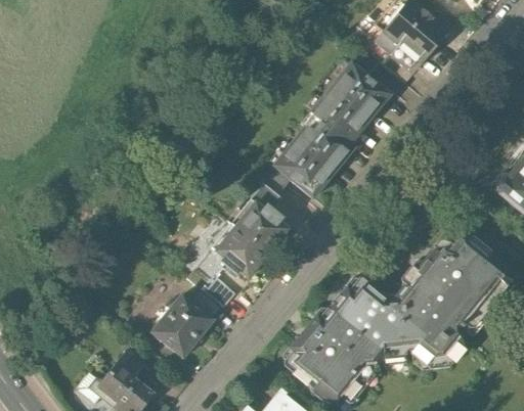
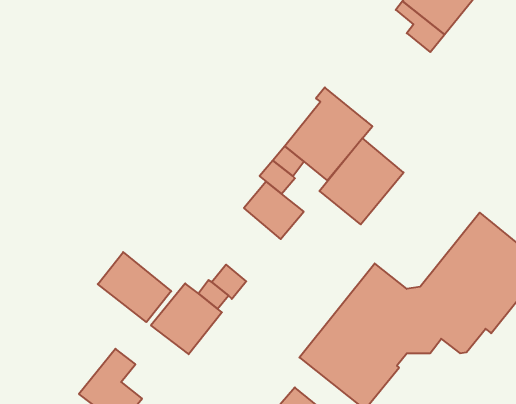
building: [311,62,389,142] -> [319,138,404,224]
building: [212,223,270,277] -> none
building: none -> [98,252,171,322]

